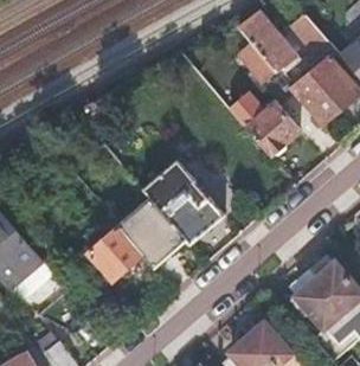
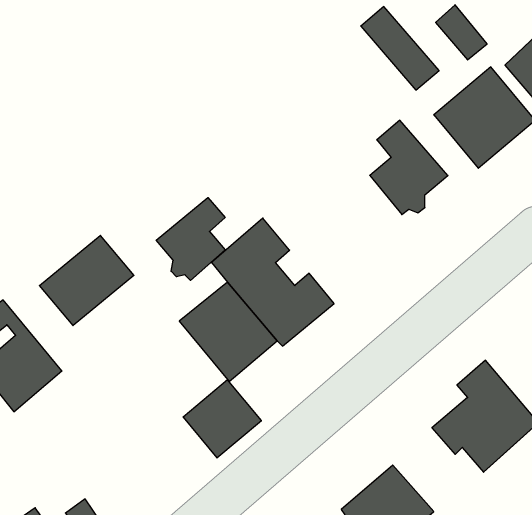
building: none -> [156,198,225,280]
building: none -> [39,235,134,326]
building: [91,225,143,277] -> [183,380,261,458]

